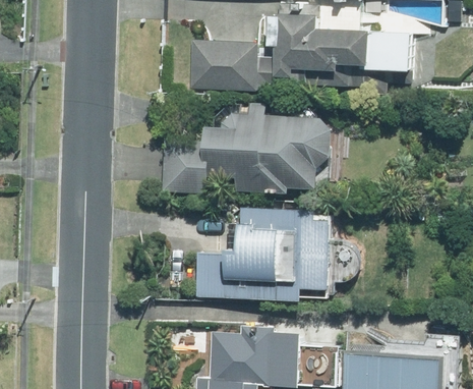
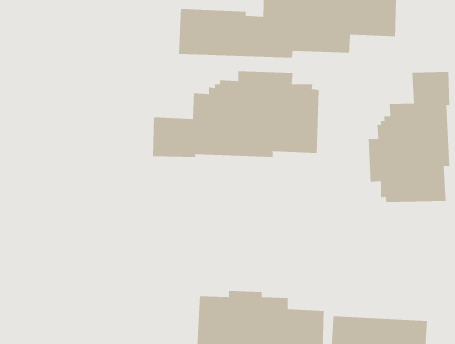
building: none -> [368,71,450,203]
building: [195,208,330,298] -> none

